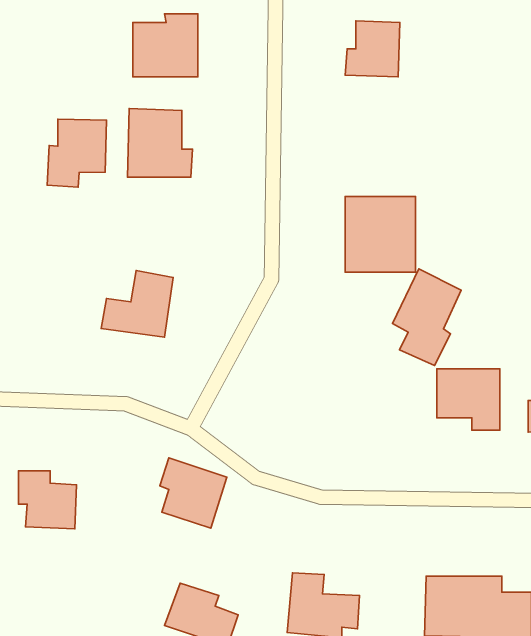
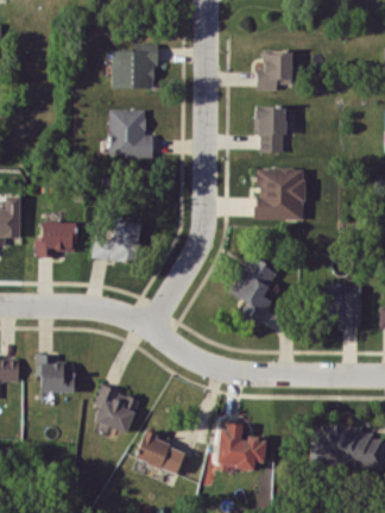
building: none -> [254,106,285,152]
building: [47,119,106,187] -> none
building: [392,269,461,366] -> [231,257,277,323]
building: none -> [38,223,76,257]
building: [160,458,227,528] -> [94,386,139,433]

